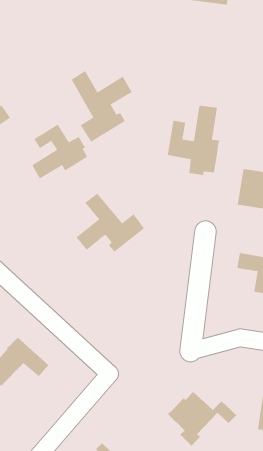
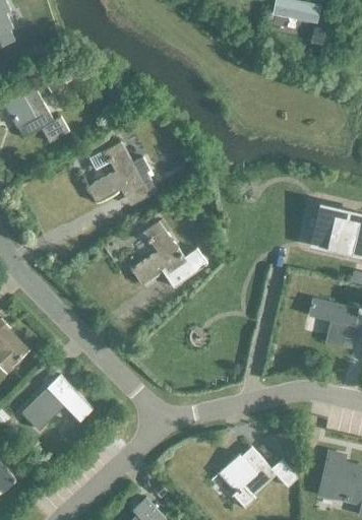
building: [71,70,133,143] -> none
building: [167,105,219,176] -> none

